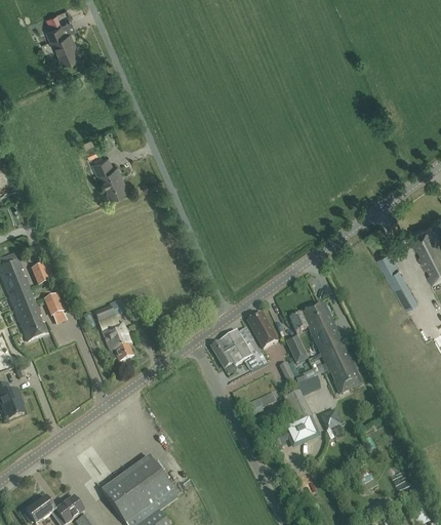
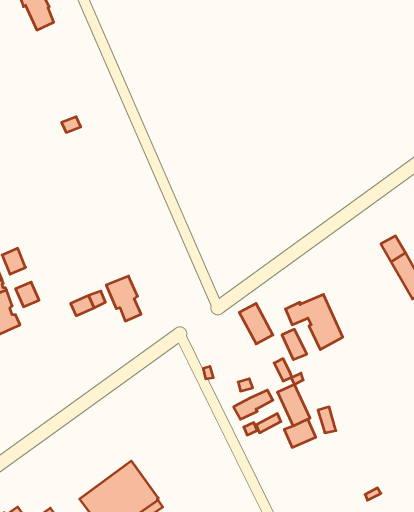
building: [92,156,125,195] -> none
building: [102,320,133,361] -> [106,276,141,321]
building: [211,330,265,367] -> none
building: [321,341,360,393] -> none

